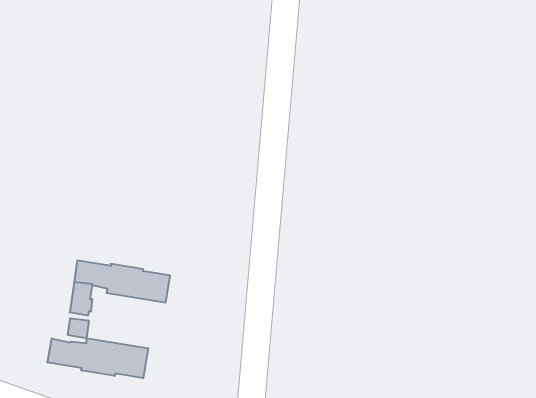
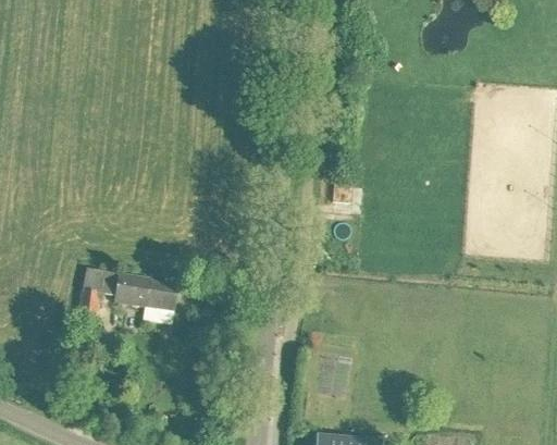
building: [47,338,148,378] -> none

